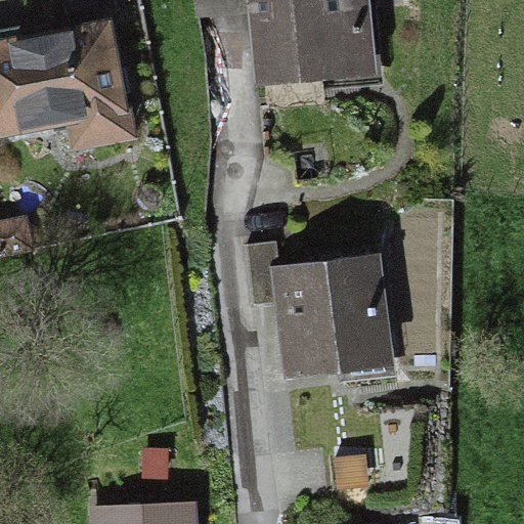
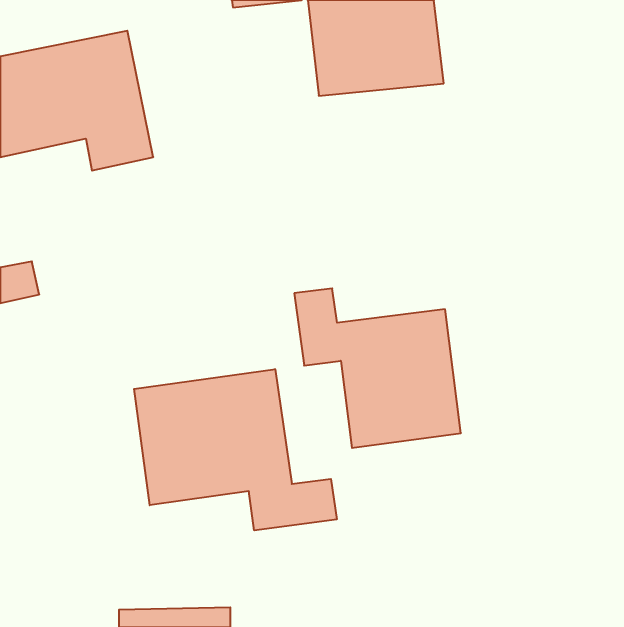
building: none -> [134,369,337,530]

